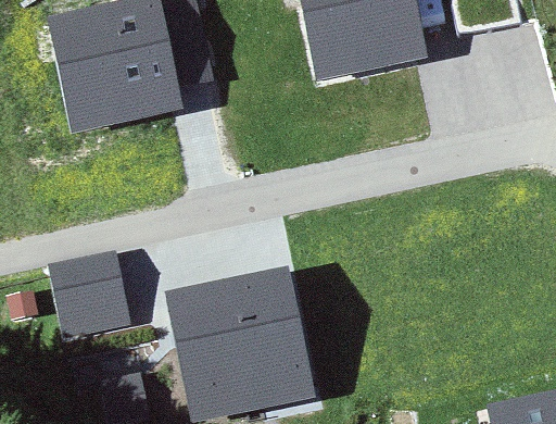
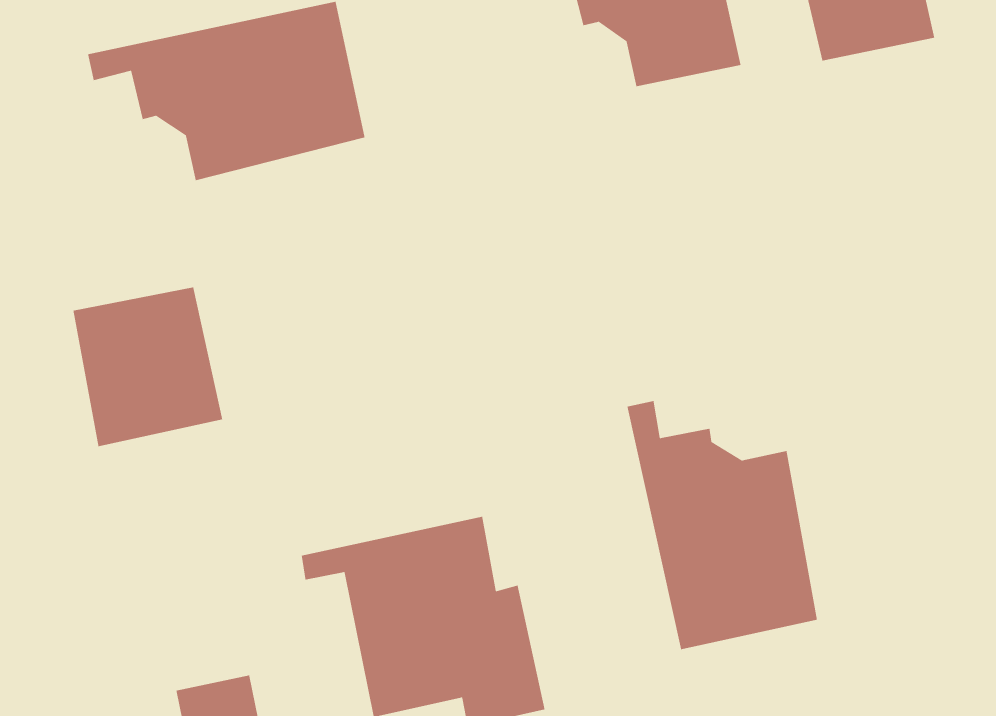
building: none -> [627,400,818,650]
building: [46,250,129,339] -> [72,287,223,447]

